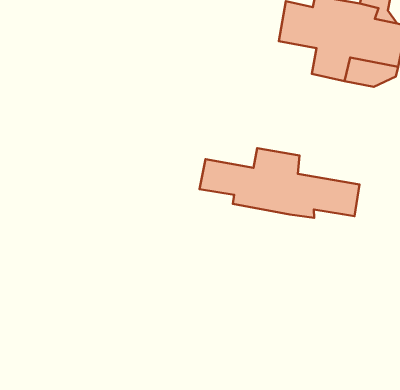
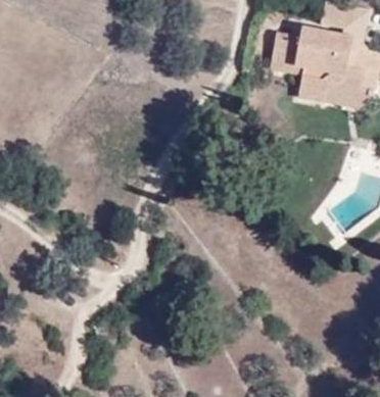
building: [200,148,359,218] -> none

